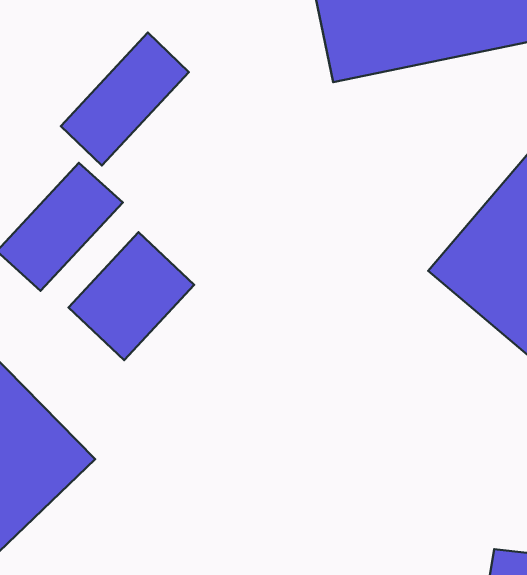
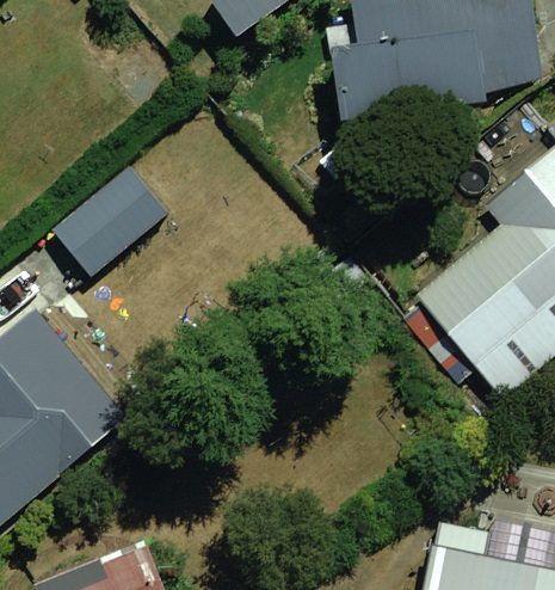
building: [61,32,189,166] -> none
building: [69,232,194,360] -> none

